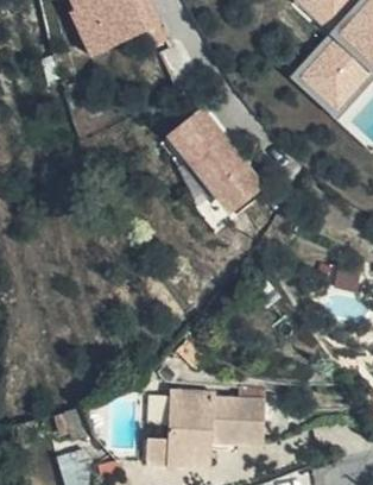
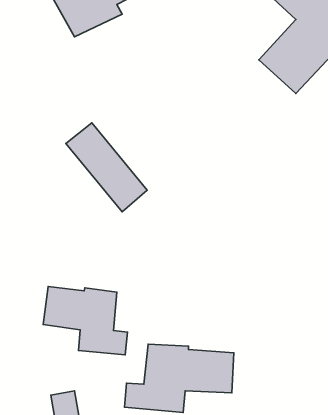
building: [175,108,264,206] -> [66,123,147,212]
building: none -> [43,286,127,355]

